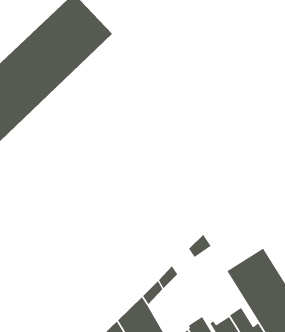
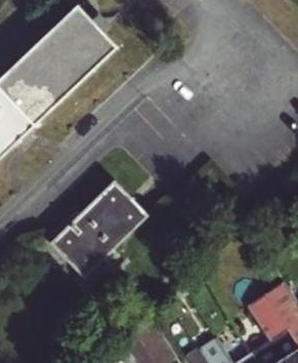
building: none -> [50,184,146,277]

